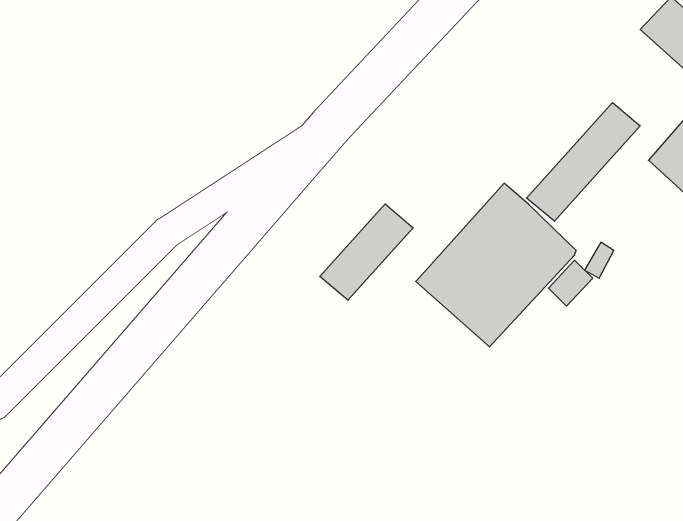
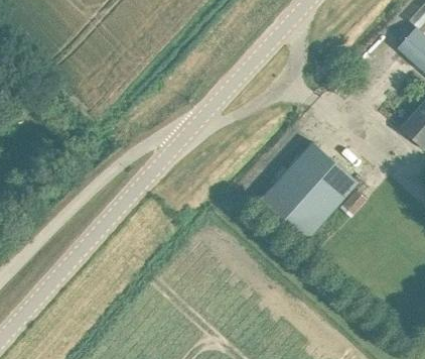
building: [526,103,640,221] -> none
building: [320,204,413,300] -> none

